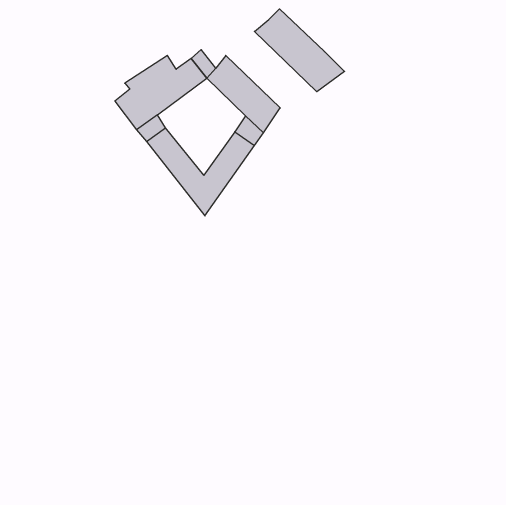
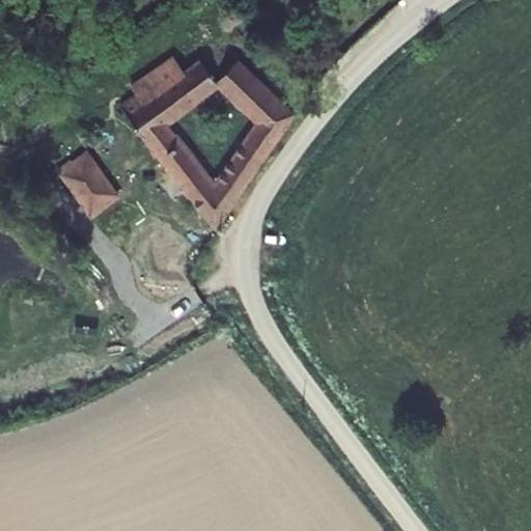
building: [254,9,345,92] -> none
building: none -> [46,153,118,225]

